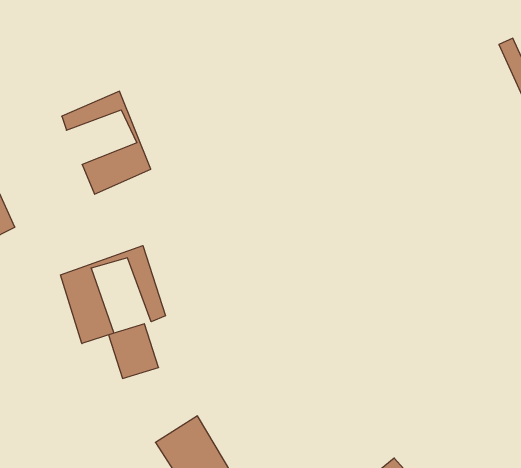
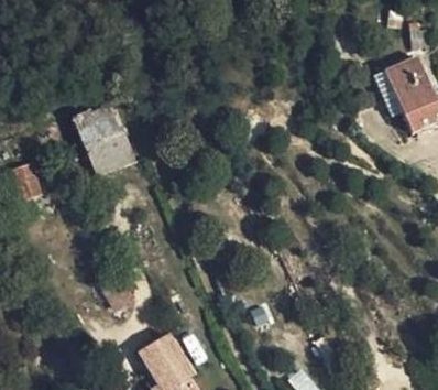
building: none -> [75,117,124,155]
building: [61,246,165,344] -> none

